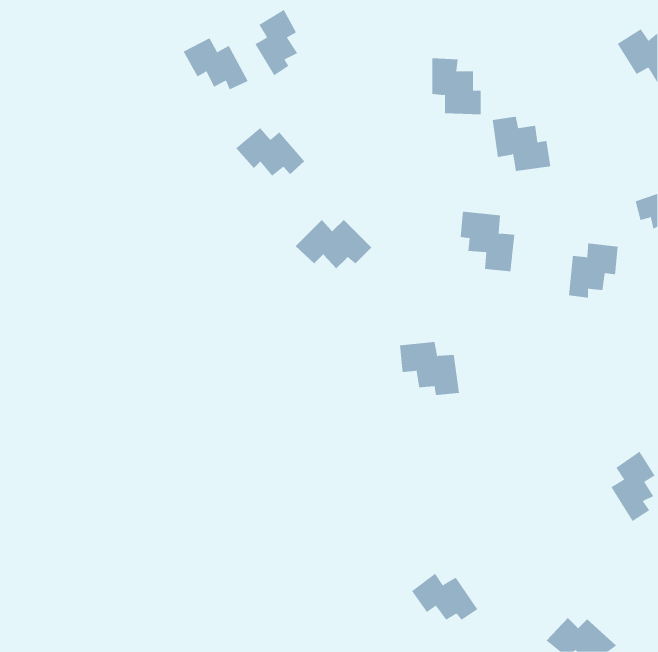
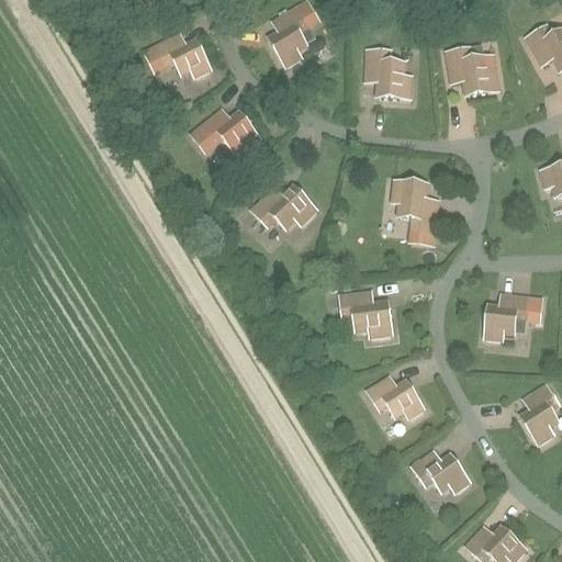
building: [254,9,298,76] -> [270,8,307,65]
building: [492,116,551,172] -> [448,47,498,94]
building: [568,243,619,298] -> [485,293,528,340]
building: none -> [367,375,424,418]
building: [411,573,478,621] -> [413,451,470,492]

